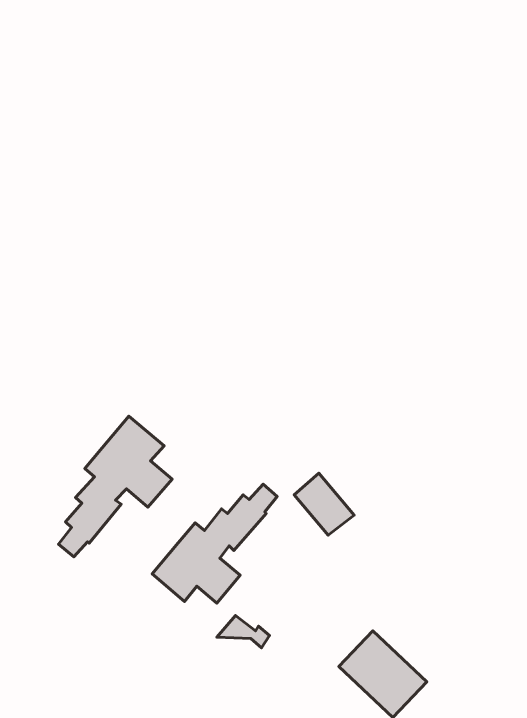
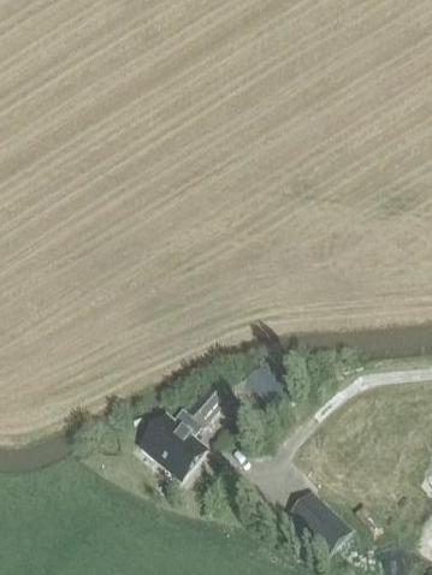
building: [58,416,172,557] -> none

